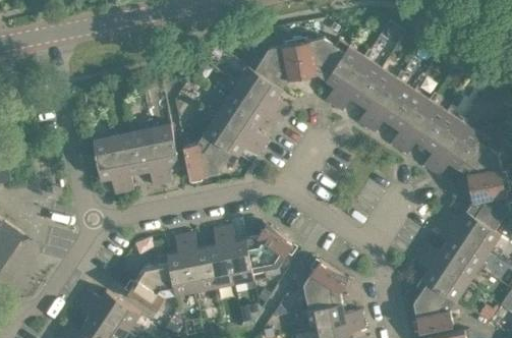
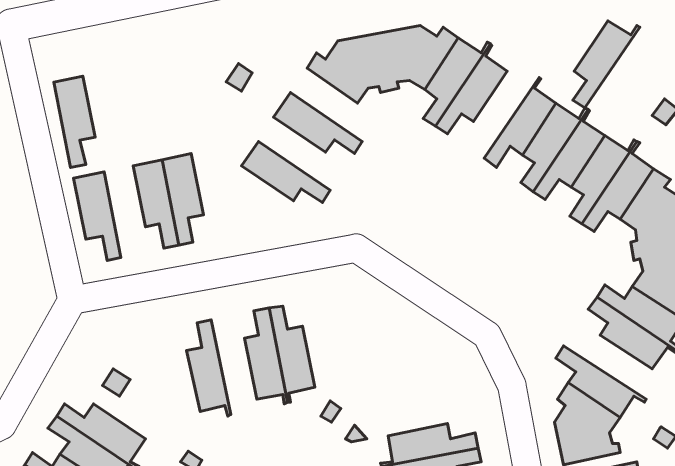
building: [237,67,290,116] -> none
building: [358,69,403,127] -> [573,21,640,108]
building: [216,100,269,149] -> none
building: [113,132,140,193] -> [54,76,95,168]
building: [183,132,239,179] -> none
building: [245,223,294,280] -> none
building: [184,233,215,298] -> none
building: [419,244,478,288] -> none
building: [128,256,177,313] -> none
building: [299,262,351,313] -> none

